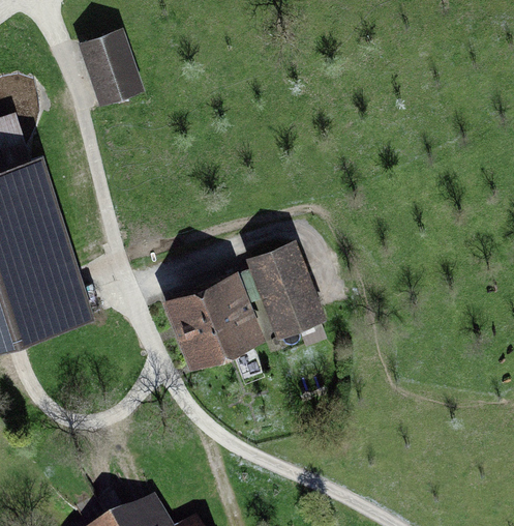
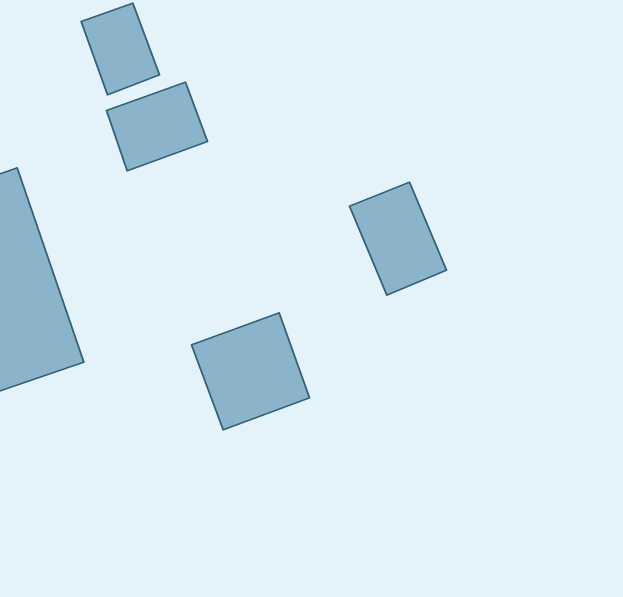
building: none -> [107,82,208,171]
building: [248,244,324,332] -> [350,182,447,295]

